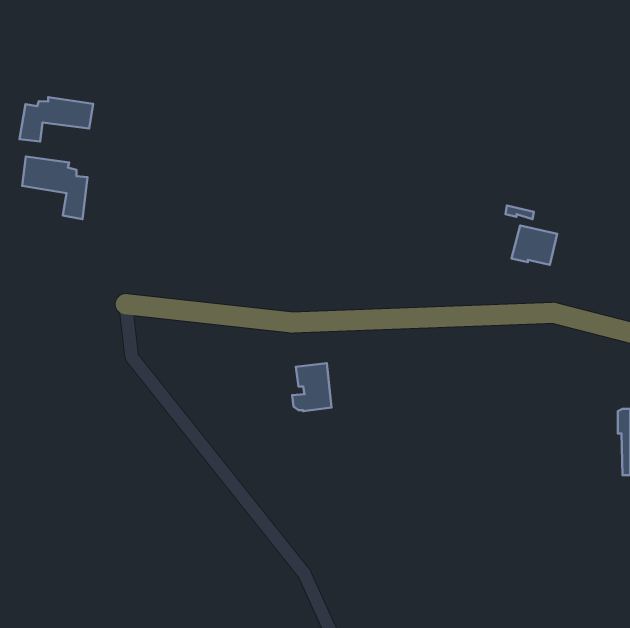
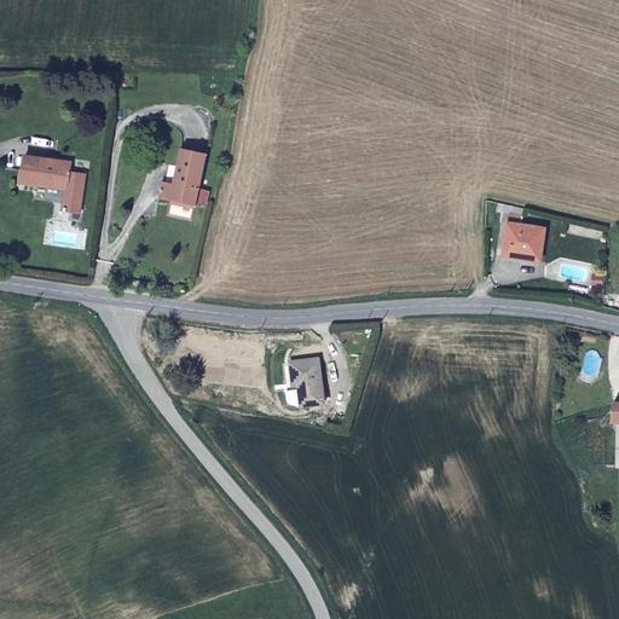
building: [19,97,93,141] -> none
building: none -> [160,147,207,206]

